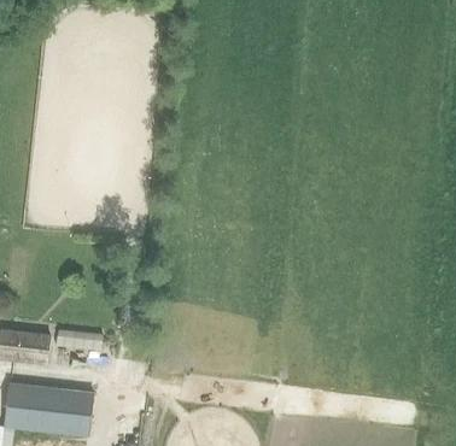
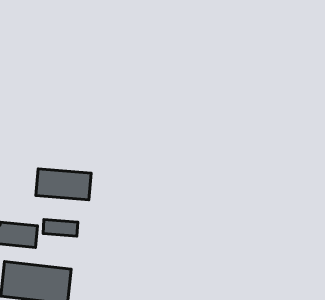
building: none -> [36,169,91,200]

